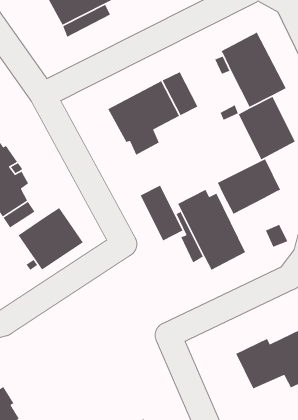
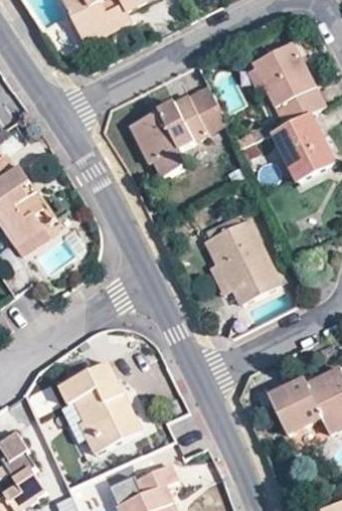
building: [217,158,281,215] -> none
building: [140,185,184,241] -> none
building: [18,207,84,270] -> none
building: none -> [59,357,142,451]

